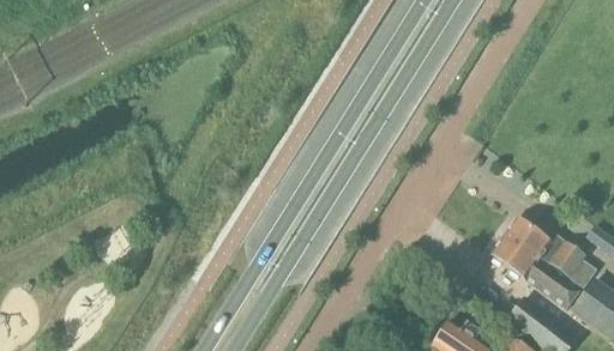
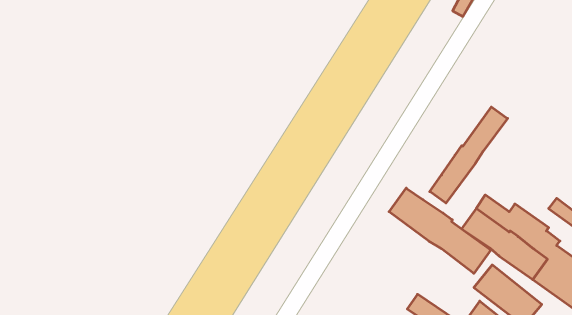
building: none -> [430,107,508,203]
building: none -> [389,188,491,273]

